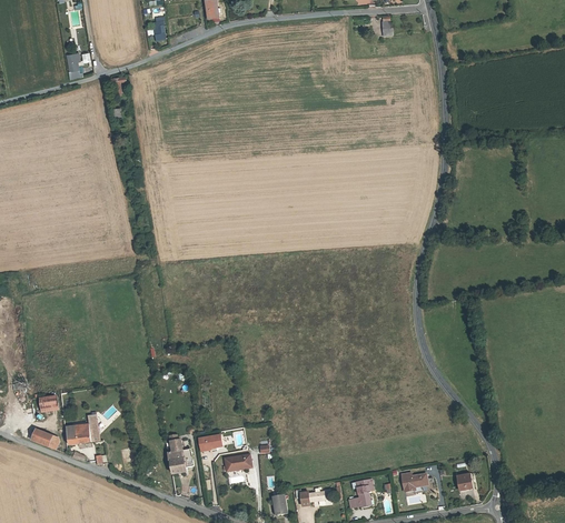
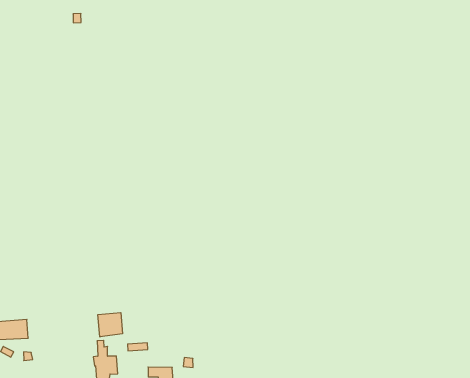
building: none -> [98,313,122,337]

